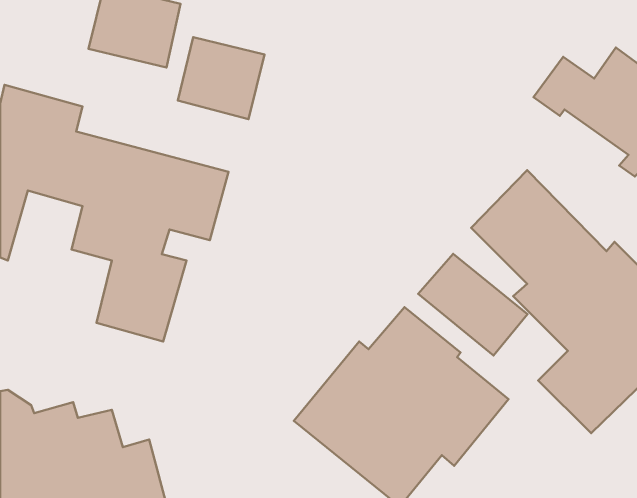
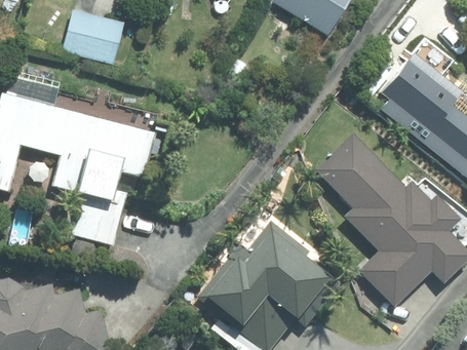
building: [178,37,265,119] -> none
building: [418,254,527,356] -> none

